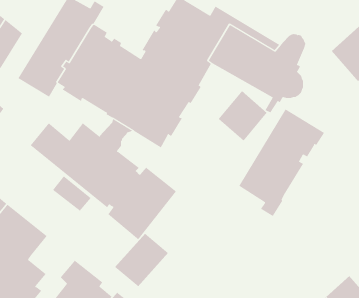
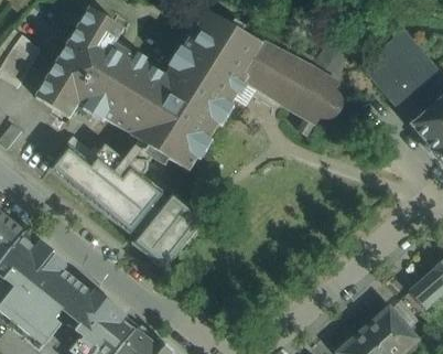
building: [218,90,268,141] -> none
building: [239,109,325,217] -> none
building: [52,176,91,212] -> [51,271,93,310]
building: [114,233,169,287] -> none

